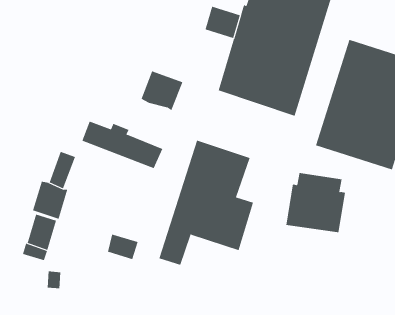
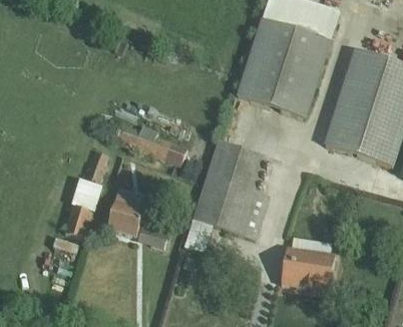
building: [205,6,240,39] -> none
building: [141,70,183,111] -> none
building: [285,172,346,233] -> [281,236,335,290]
building: none -> [107,189,147,236]

